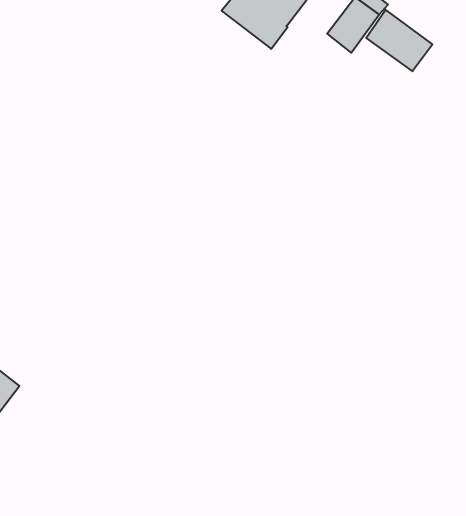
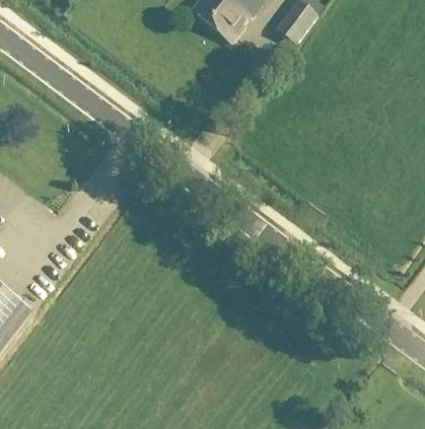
building: [366,10,432,71] -> none

